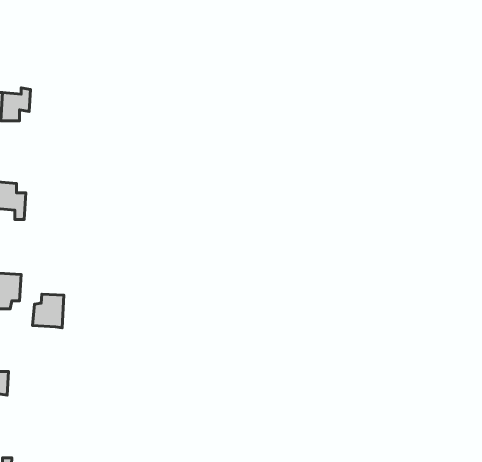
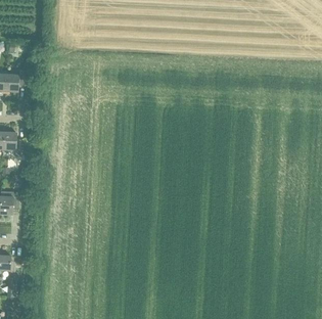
building: [32,294,64,328] -> none

